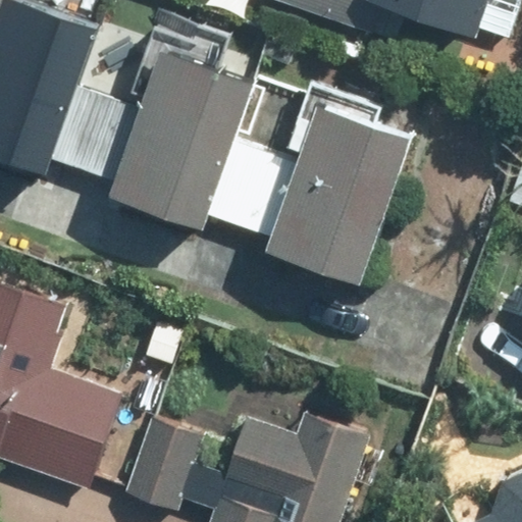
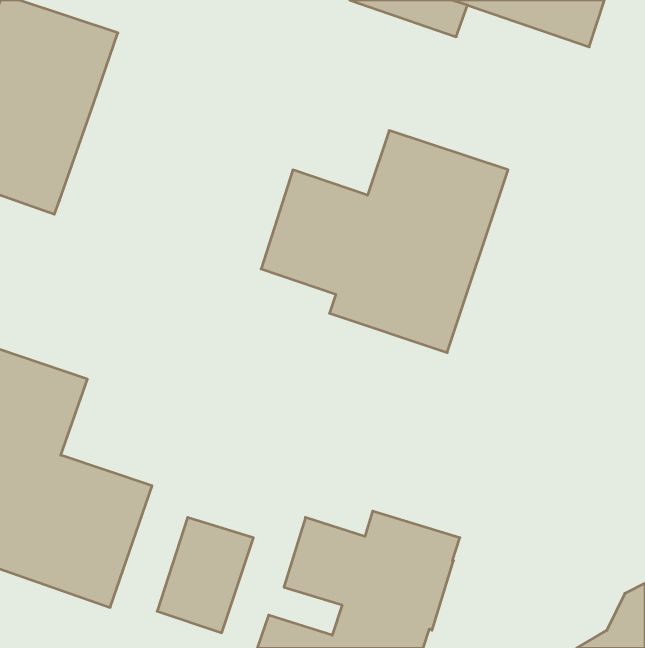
building: [48,50,254,229] -> none

